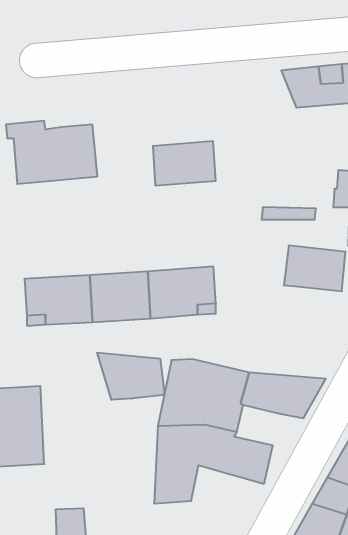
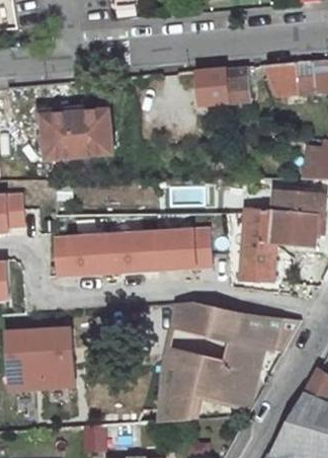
building: [153,141,216,186] -> [198,67,250,103]
building: none -> [238,208,274,268]
building: [97,353,164,400] -> none
building: none -> [225,340,261,374]

